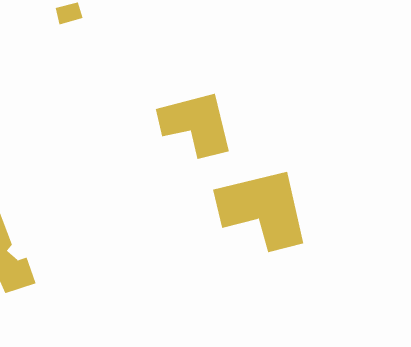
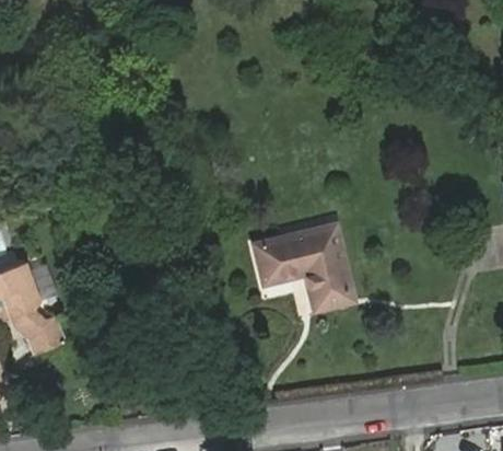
building: [155,93,230,160] -> none

